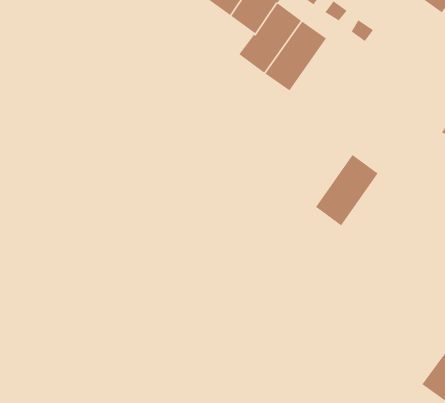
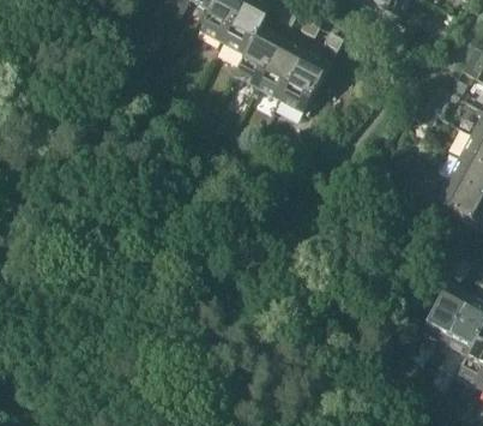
building: [315,154,378,226] -> [278,52,327,113]

